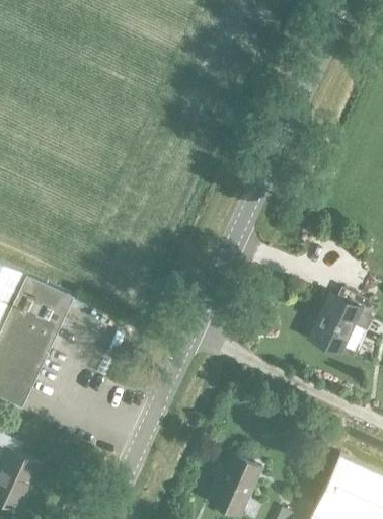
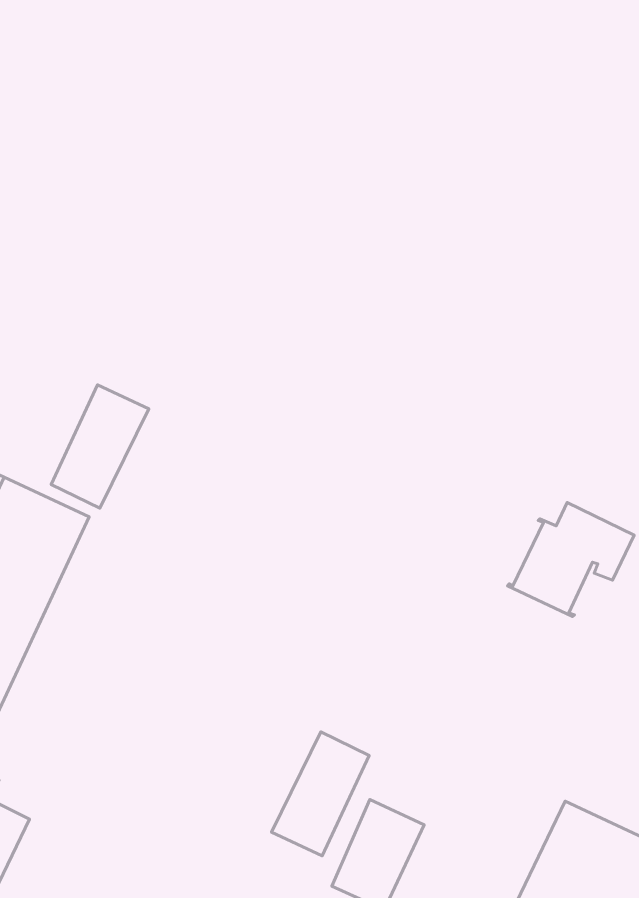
building: none -> [51,385,149,508]
building: none -> [272,732,369,856]

